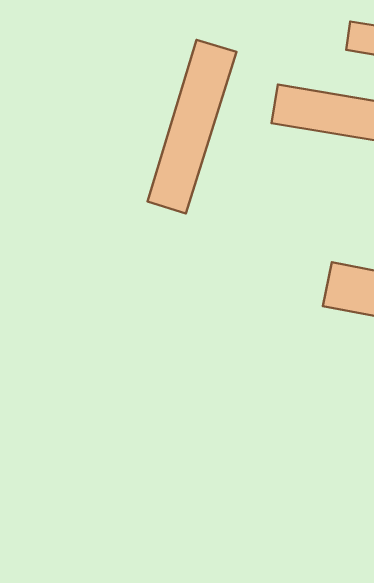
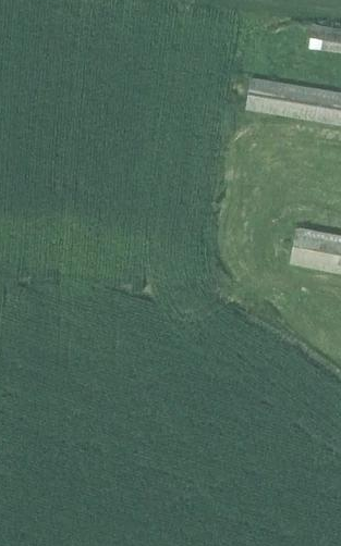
building: [147,40,236,214] -> none

